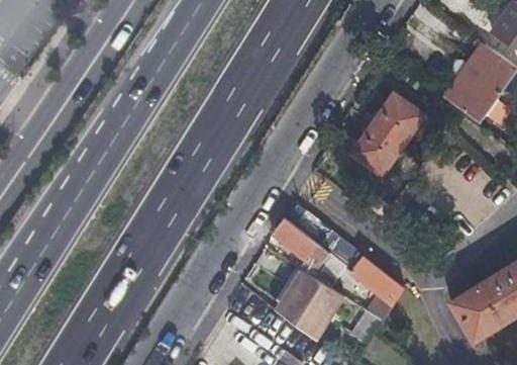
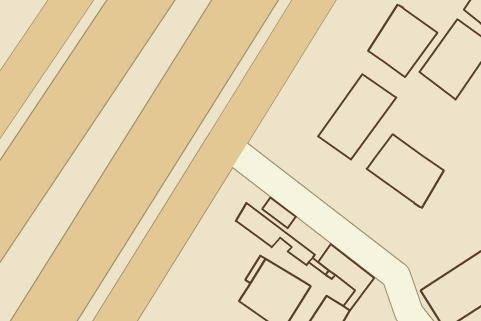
building: none -> [368,5,437,77]
building: none -> [367,134,444,208]

